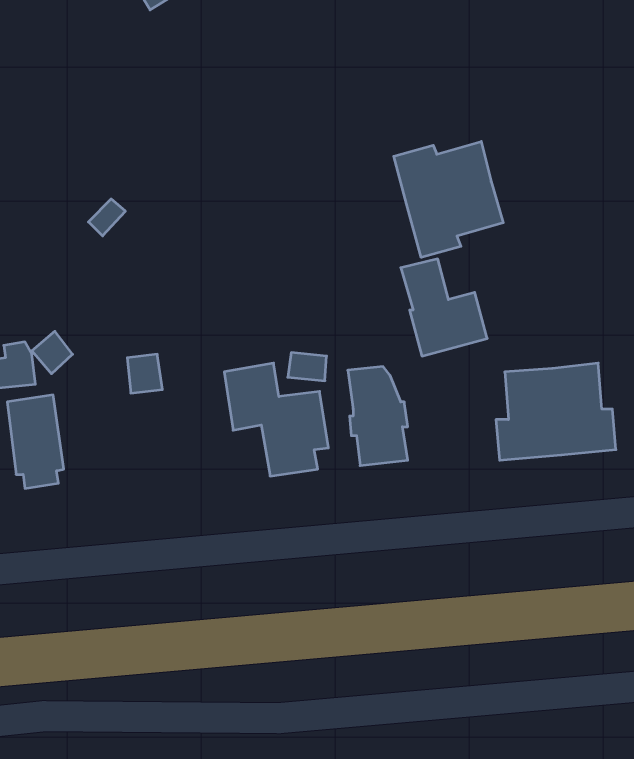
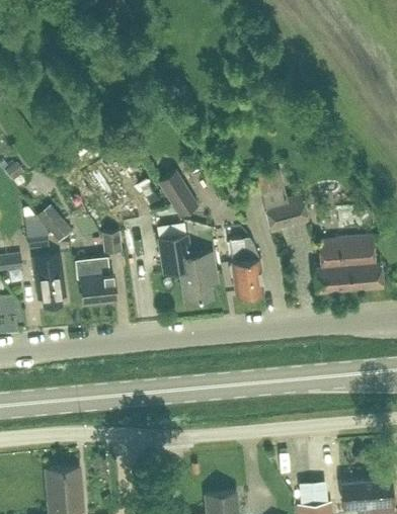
building: [394,141,503,257] -> none
building: none -> [158,170,197,217]
building: none -> [75,257,115,303]

